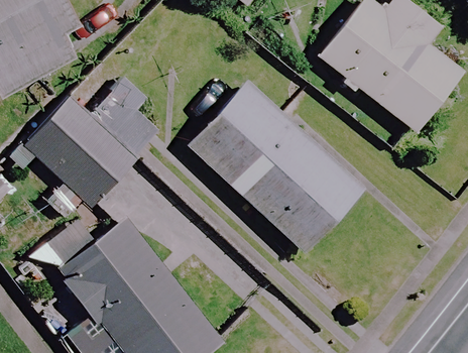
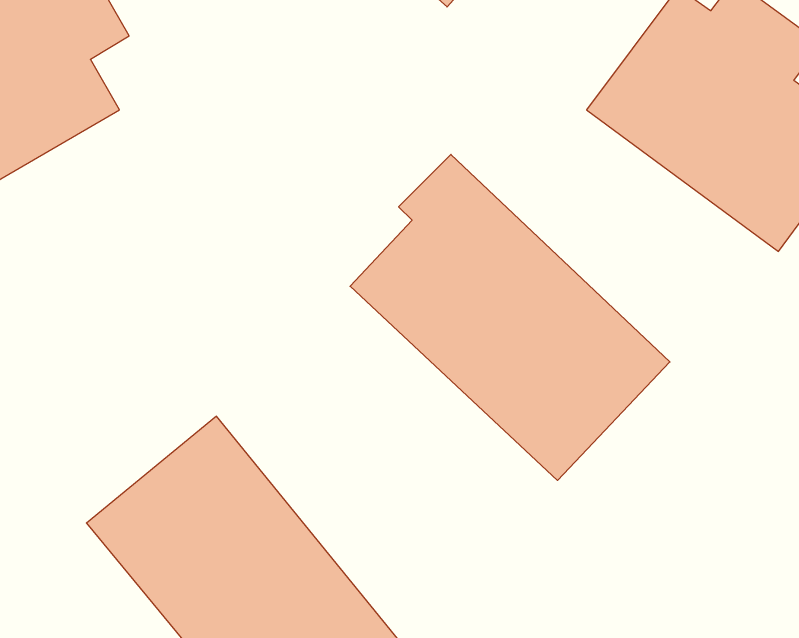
building: [28,88,162,207] -> none

